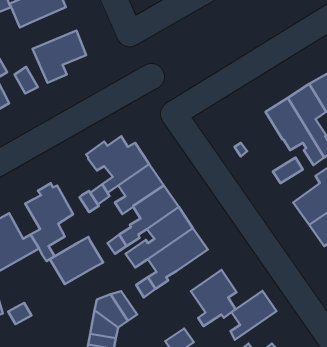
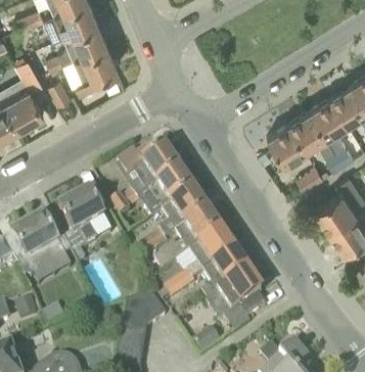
building: none -> [46,22,107,72]
building: none -> [267,123,305,162]
building: [50,237,103,284] -> none
building: [231,291,276,340] -> [202,254,246,301]

